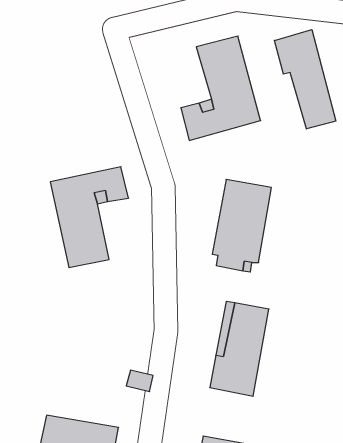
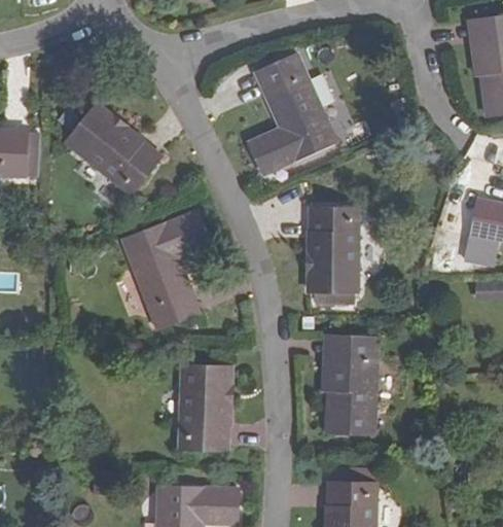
building: [274,30,336,129] -> none
building: none -> [66,104,160,195]
building: none -> [179,366,231,451]

